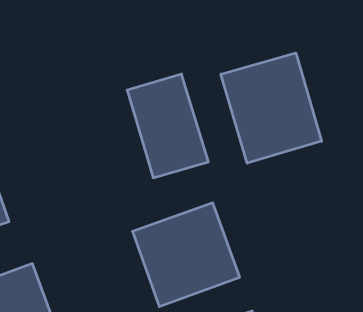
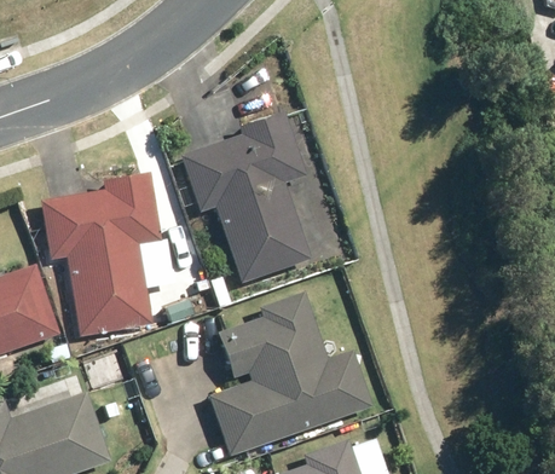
building: [221,53,322,163] -> none
building: none -> [59,193,162,325]

